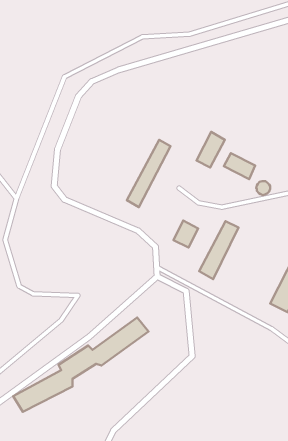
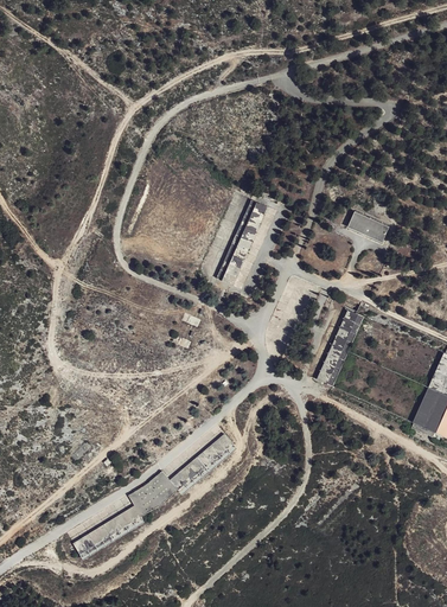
building: [196,132,225,168] -> none
building: [174,220,198,247] -> none

